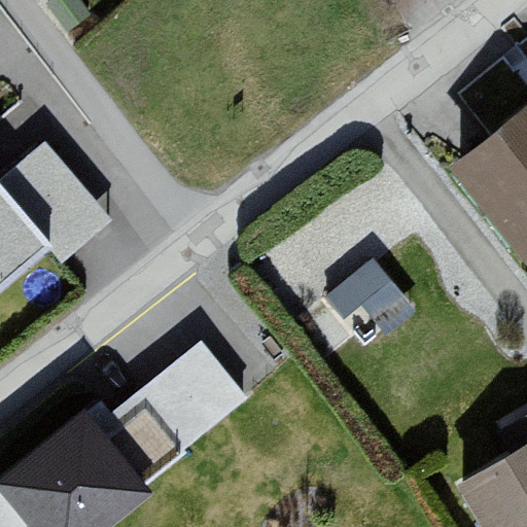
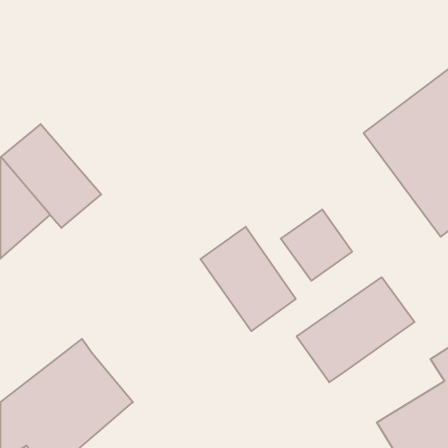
building: none -> [200,227,296,331]
building: none -> [297,277,415,382]
building: [110,341,249,472] -> none

